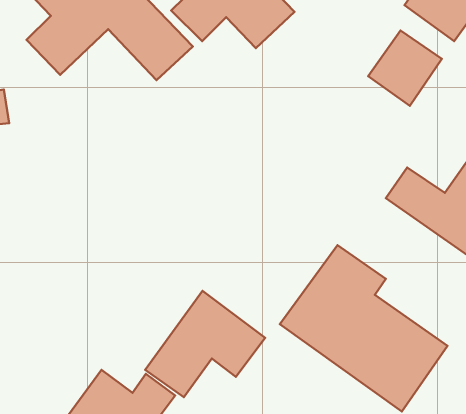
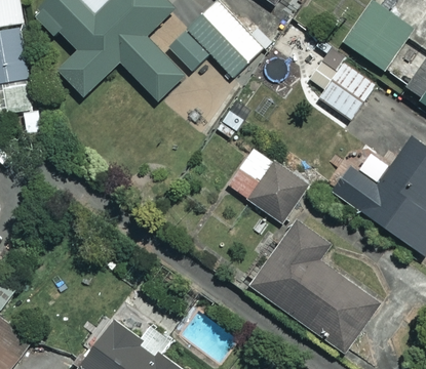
building: none -> [227,147,308,223]
building: [145,291,265,397] -> none

